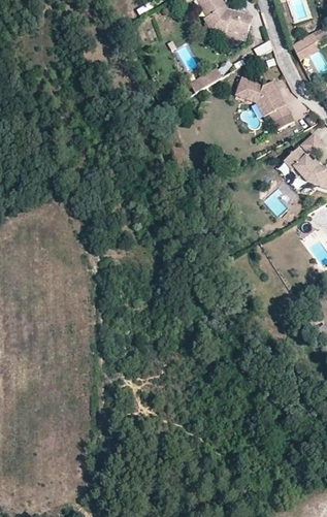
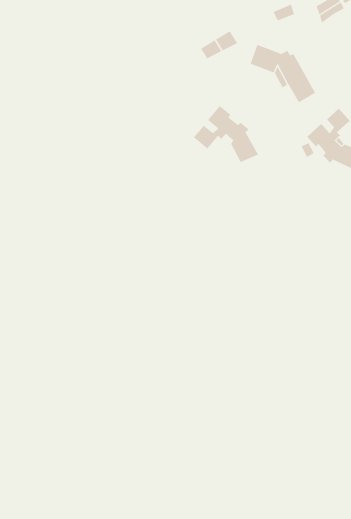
building: none -> [193,105,259,163]

